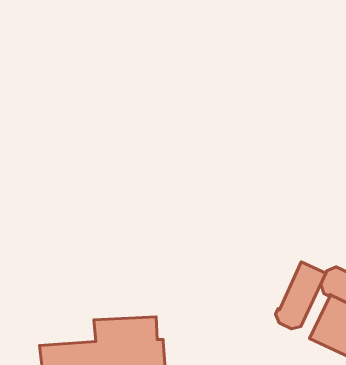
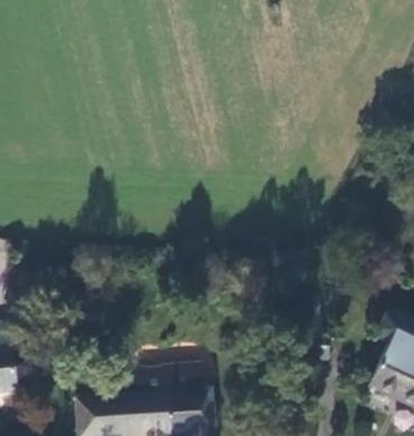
building: [276,262,326,329] -> none

